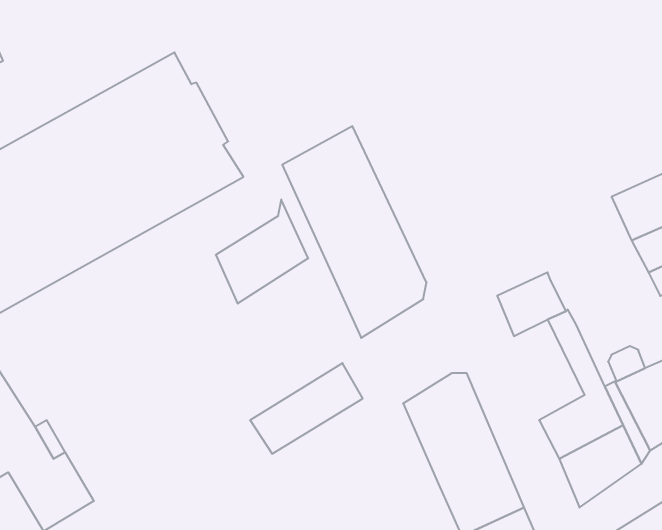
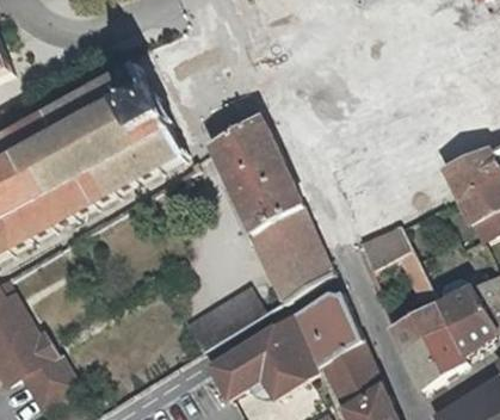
building: [216,199,308,304] -> [267,230,333,304]
building: none -> [210,316,322,401]

